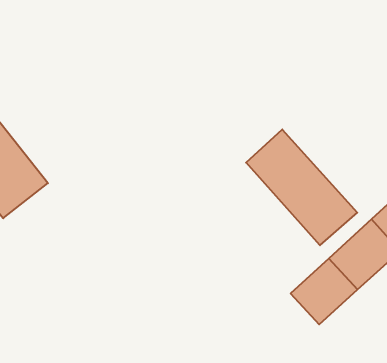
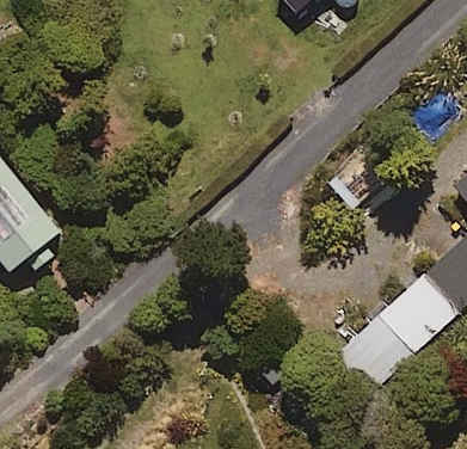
building: [246,129,357,245] -> none

